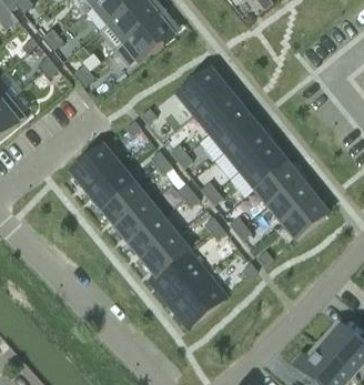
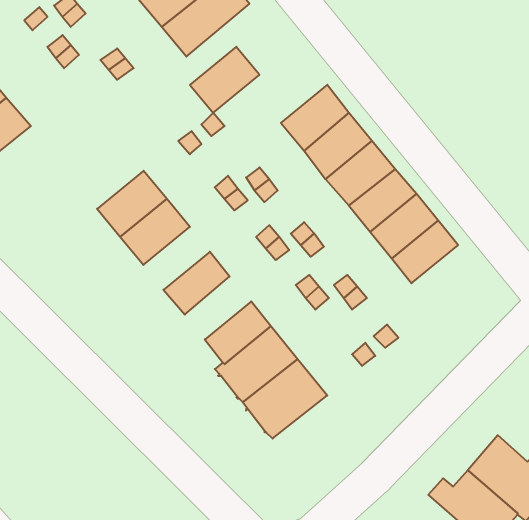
building: [179,69,225,113] -> [190,47,259,113]
building: [102,183,146,225] -> none
building: [282,195,326,237] -> none
building: [130,216,174,259] -> none

